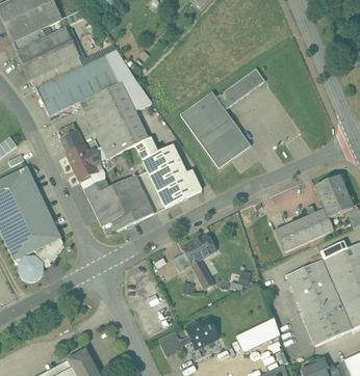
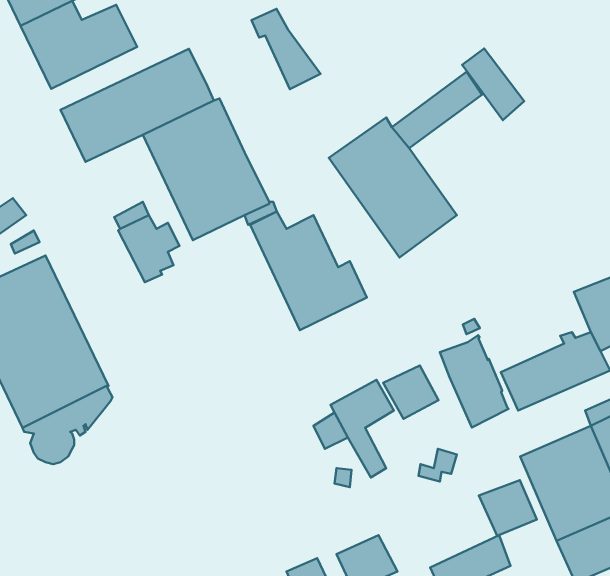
building: none -> [462,48,524,120]
building: [114,66,152,110] -> [252,9,321,89]
building: [84,173,154,231] -> none
building: none -> [440,335,509,427]
building: none -> [383,365,439,419]
building: none -> [479,480,537,536]

